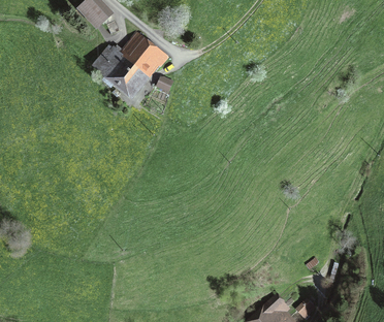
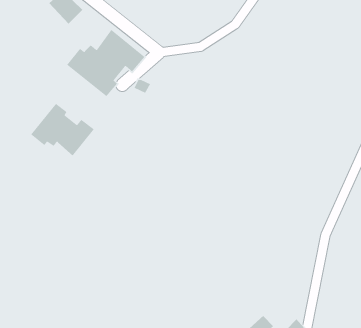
building: none -> [30,103,95,156]

